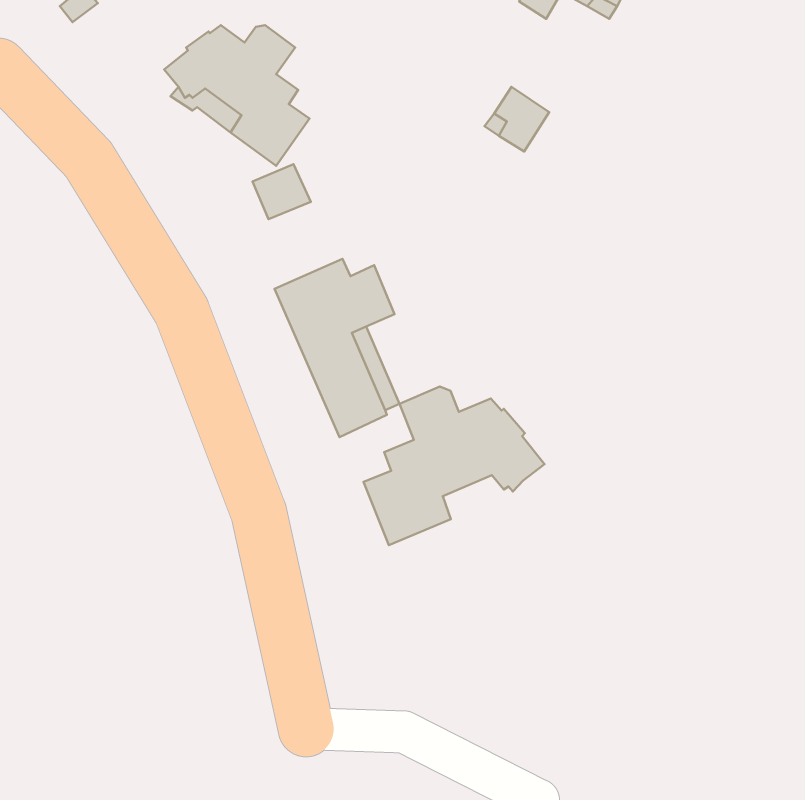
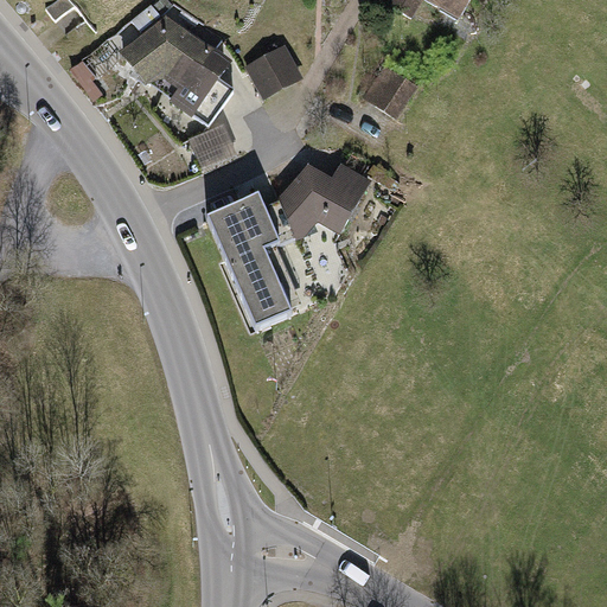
building: none -> [245,44,299,94]
building: none -> [281,166,368,236]
building: [364,387,544,545] -> none

